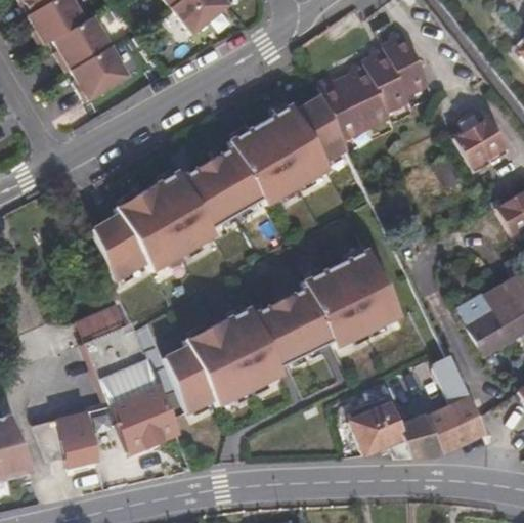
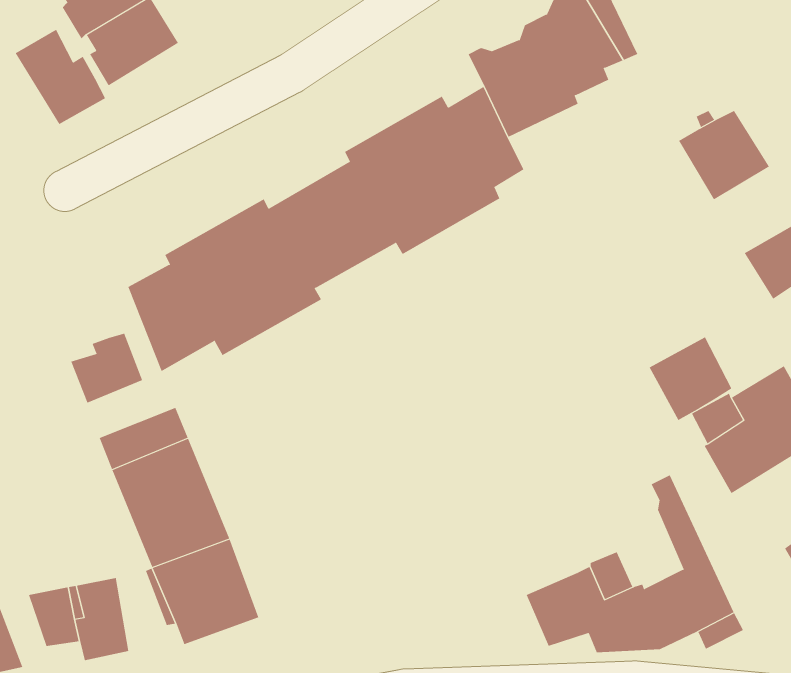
building: none -> [15,29,106,125]
building: [168,252,404,410] -> none
building: none -> [71,333,143,404]
building: none -> [649,337,732,421]

